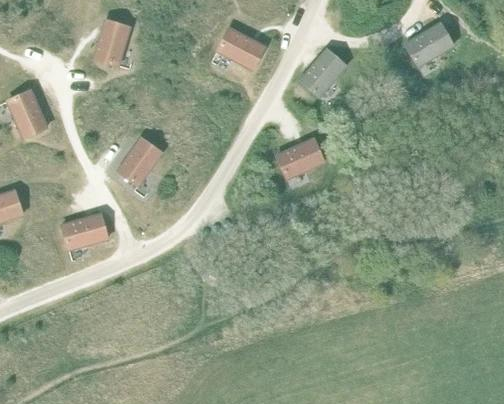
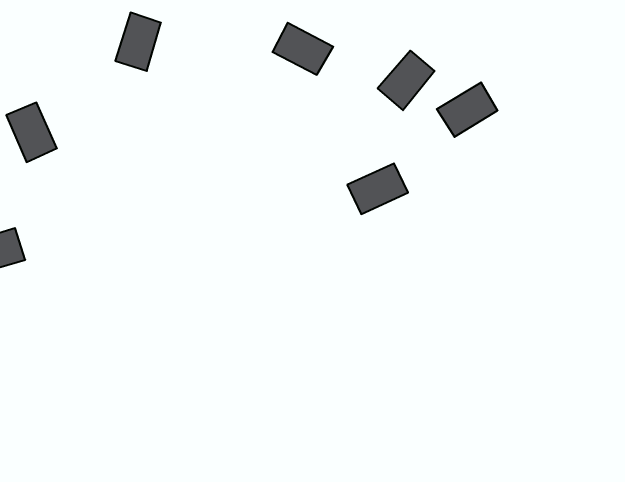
building: [405,23,453,66] -> [437,82,498,137]
building: [117,138,162,185] -> none
building: [62,214,107,250] -> none

